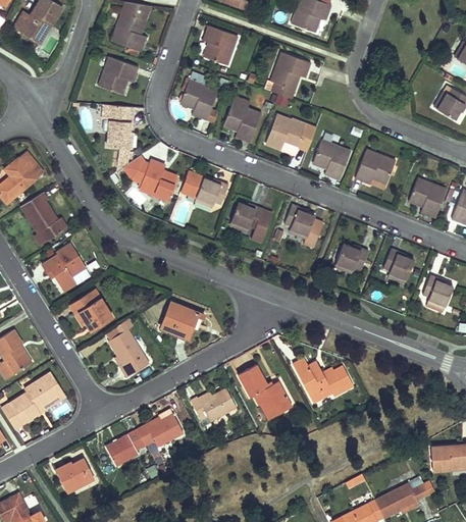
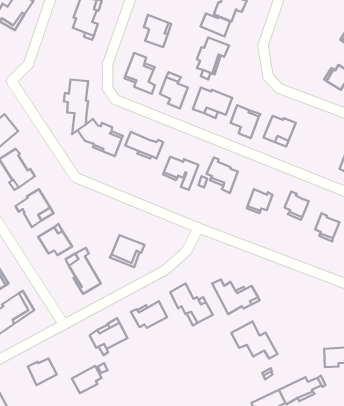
building: none -> [201,14,230,36]
building: [97,55,138,93] -> none
building: [410,176,447,218] -> none
building: none -> [231,322,277,358]
building: [106,429,144,464] -> [72,366,102,393]

